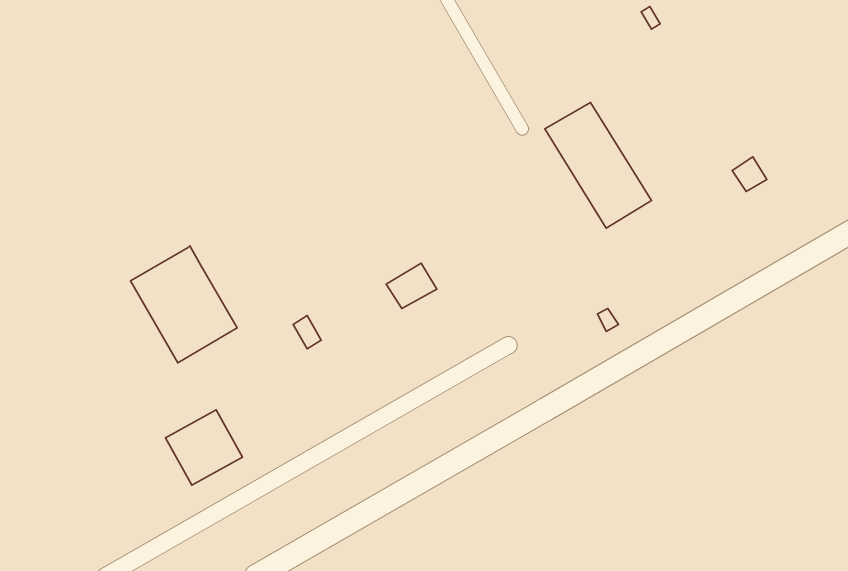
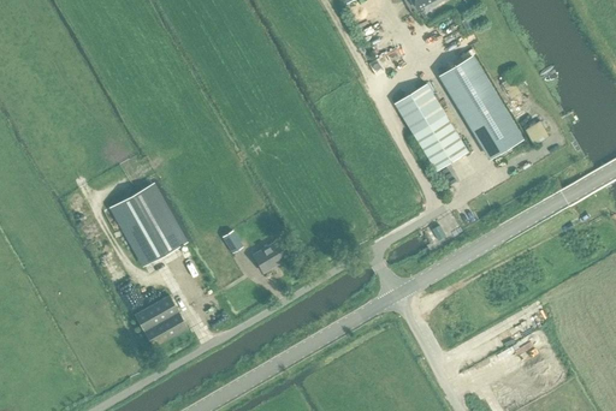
building: none -> [439,56,521,159]
building: [386,263,437,309] -> [251,240,286,272]

